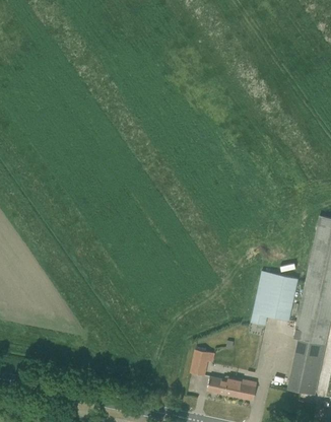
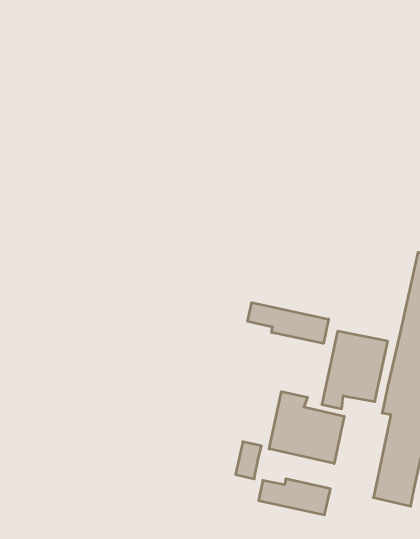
building: none -> [248,303,329,343]
building: none -> [269,392,344,464]

